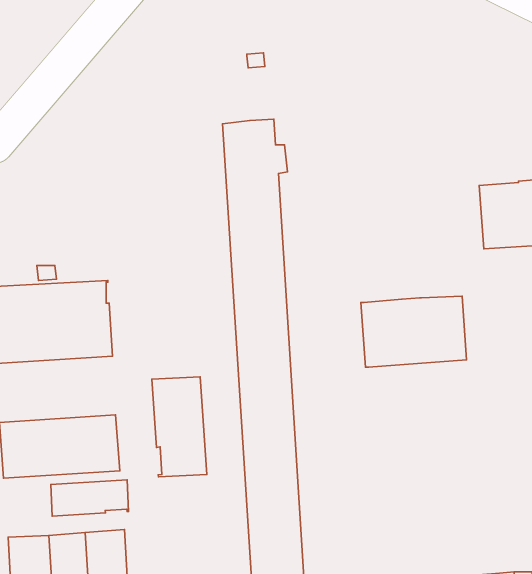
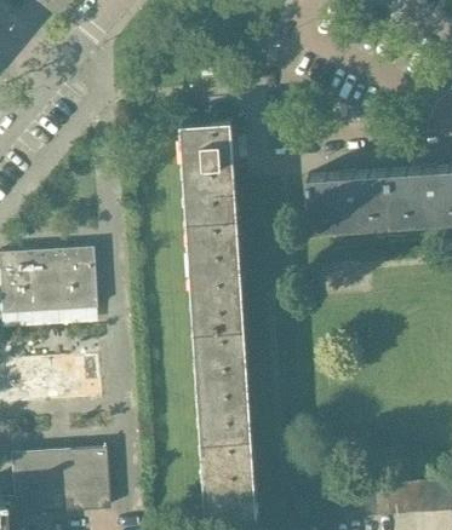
building: [361,296,467,367] -> [307,173,391,230]
building: [152,377,207,477] -> none
building: [51,480,129,516] -> none

